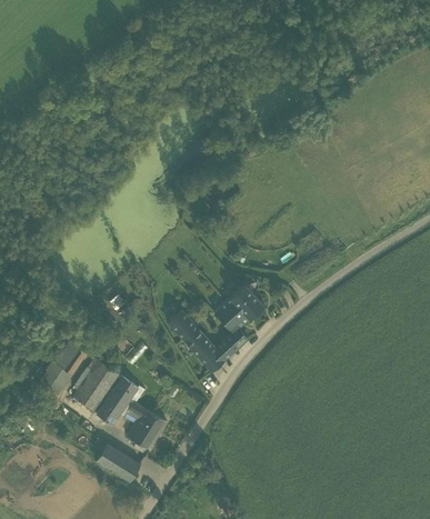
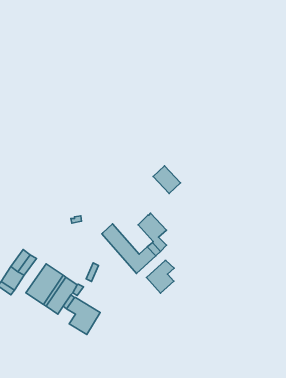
building: [228,283,262,318] -> [153,166,181,193]
building: none -> [147,260,174,293]
building: [94,443,139,481] -> none

